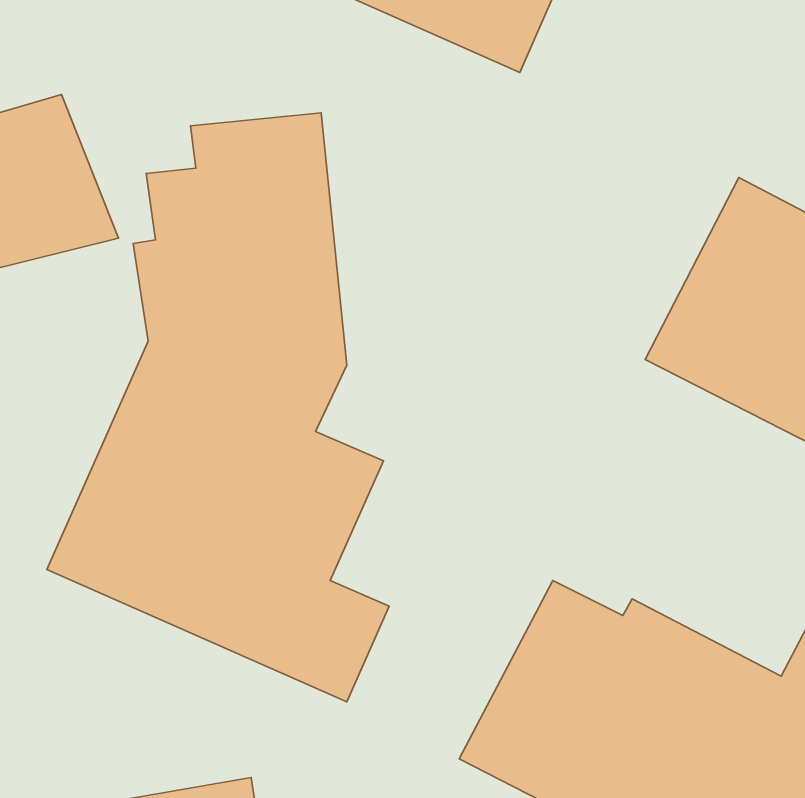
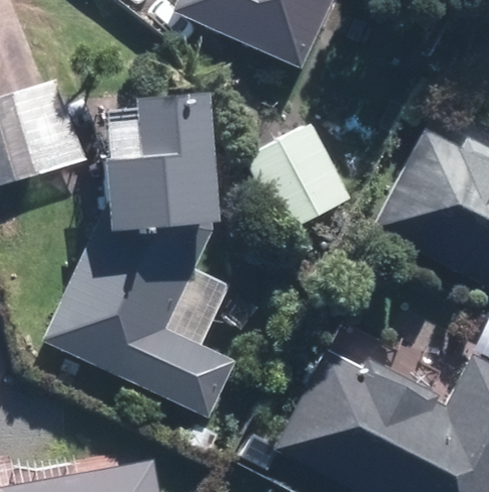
building: none -> [250,121,352,229]

